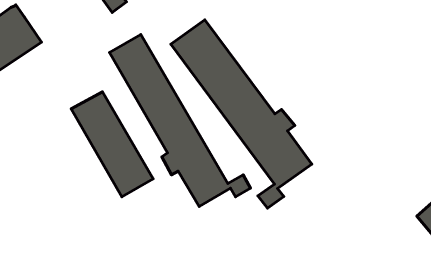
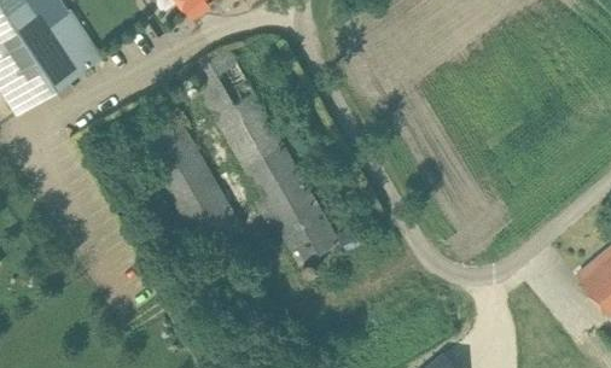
building: [171,20,312,208] -> none

